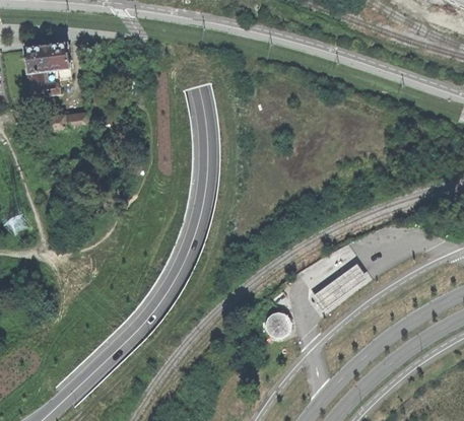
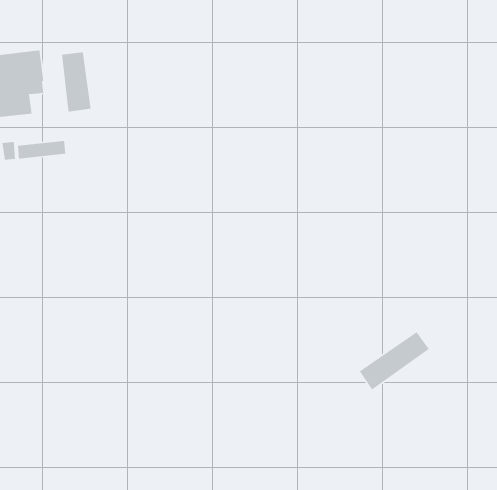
building: none -> [61,52,91,113]
building: [265,310,290,336] -> none

